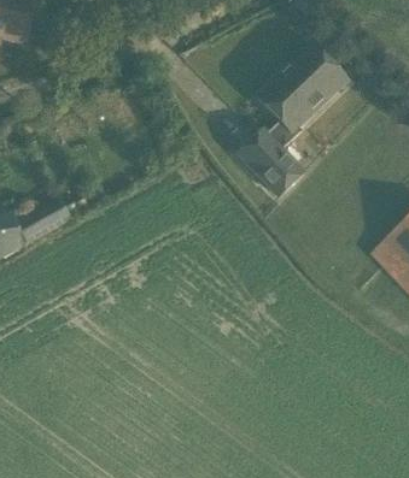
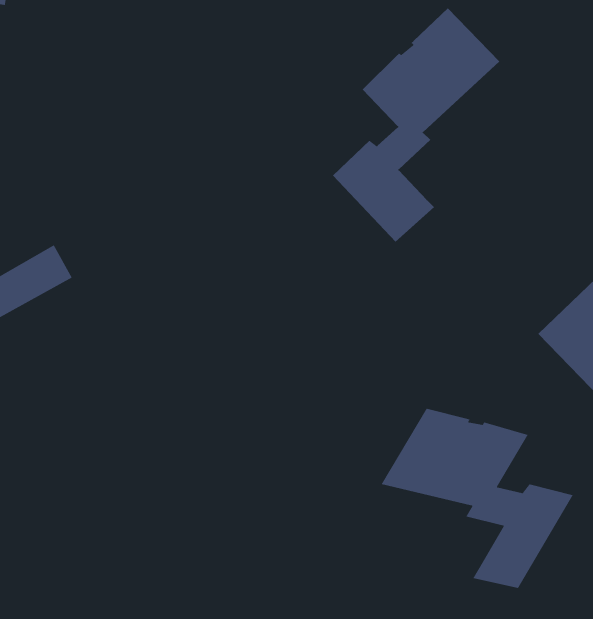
building: none -> [380,408,574,589]

